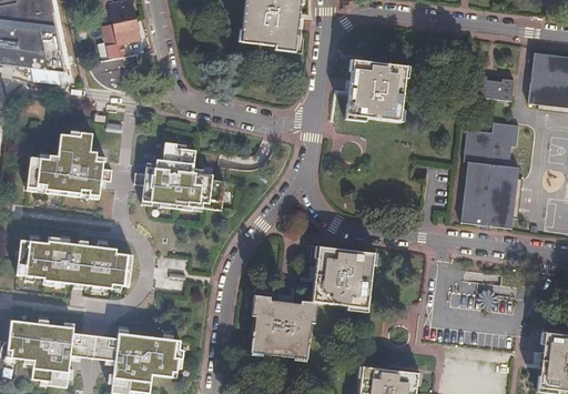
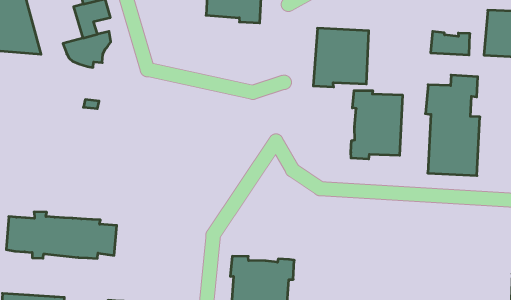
building: none -> [351,91,402,159]
building: [27,132,112,199] -> none
building: [134,142,225,210] -> none
building: [311,244,373,311] -> none

